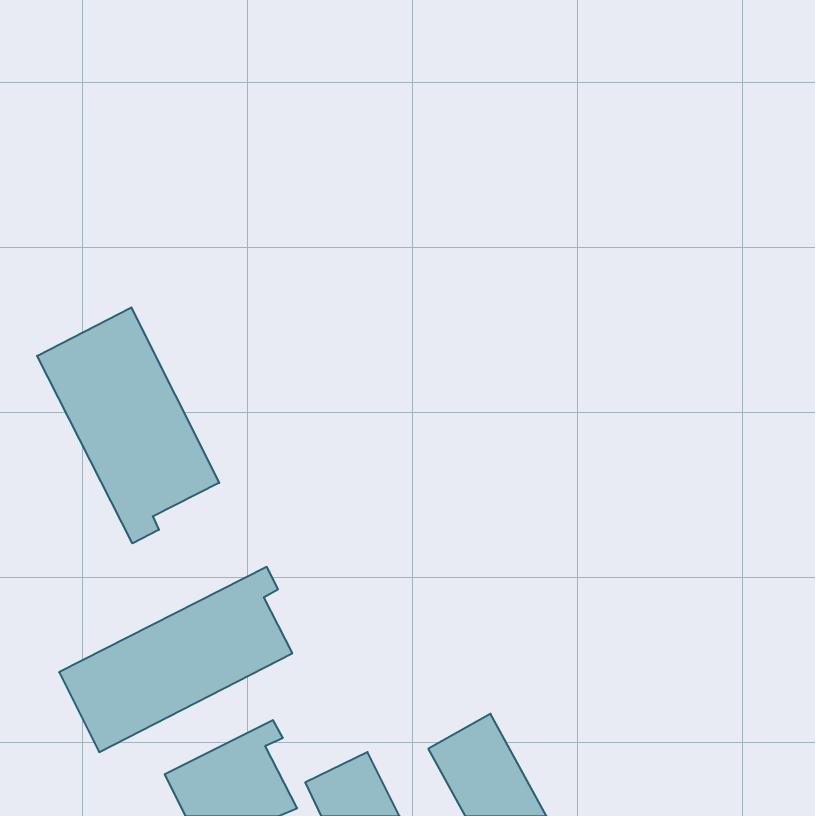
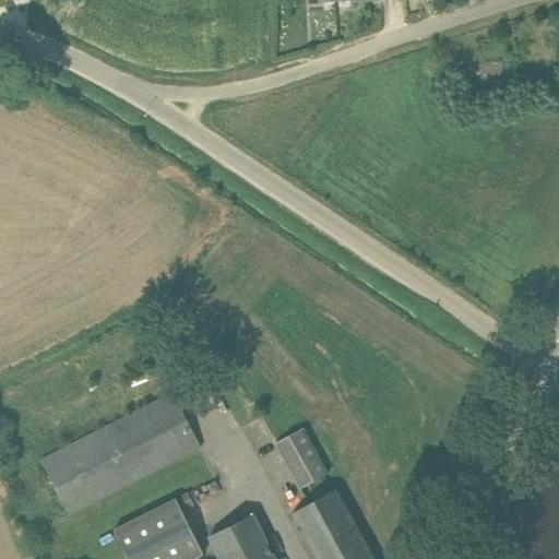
building: [37,307,219,543] -> none
building: none -> [275,428,326,488]

